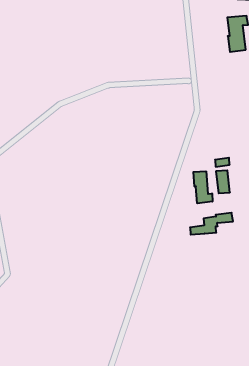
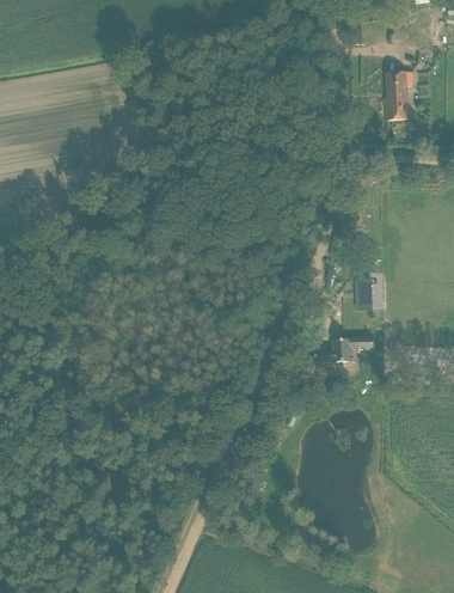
building: [193,171,212,203] -> none

